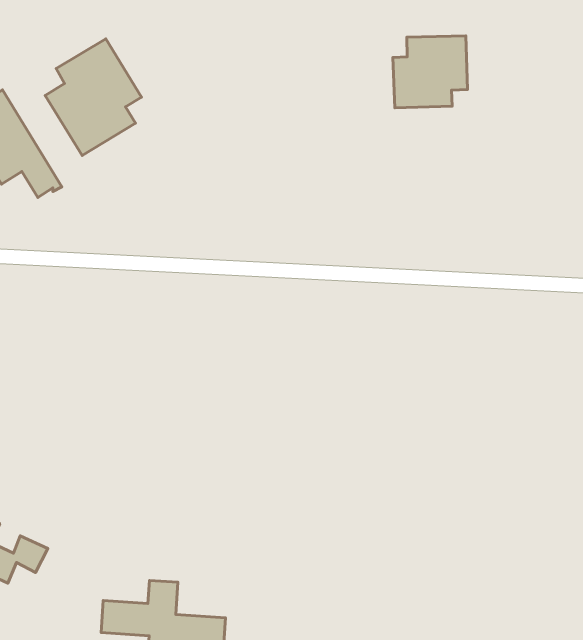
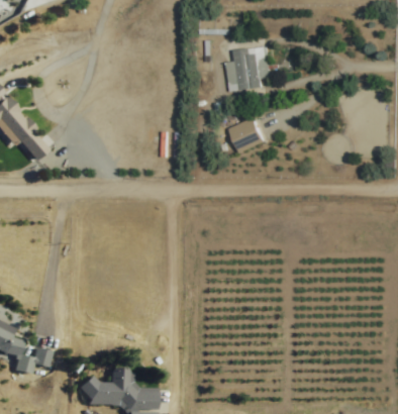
building: [45,39,142,155] -> none
building: none -> [229,118,265,152]

